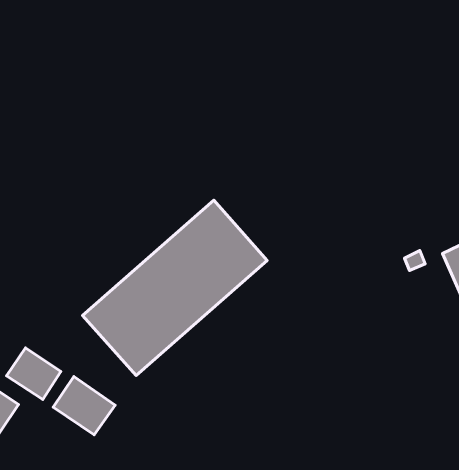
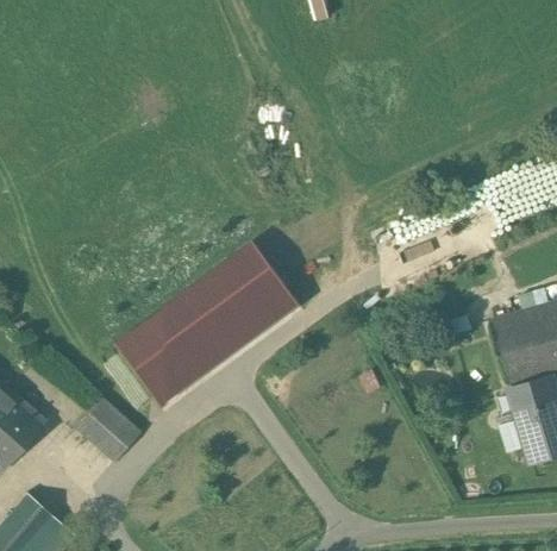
building: [6,348,61,400] -> none

